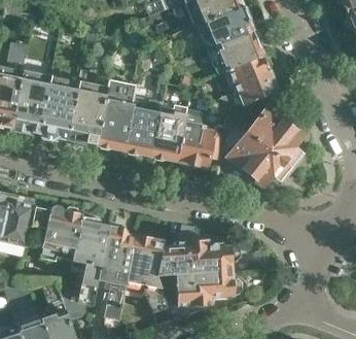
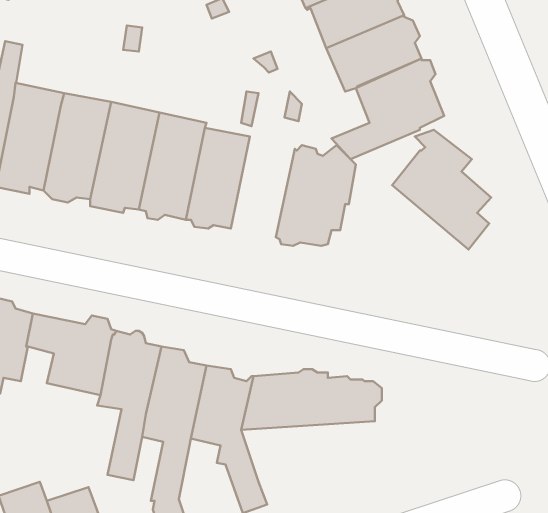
building: [149,101,187,162] -> none
building: [220,115,290,185] -> none
building: [155,270,242,306] -> none

